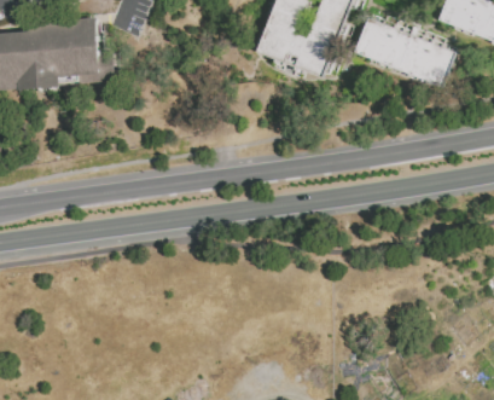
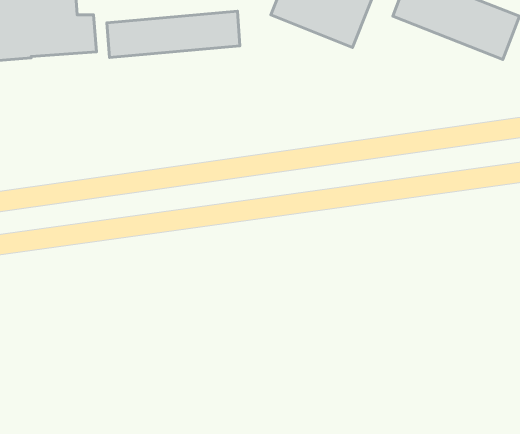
building: none -> [107,11,240,58]

